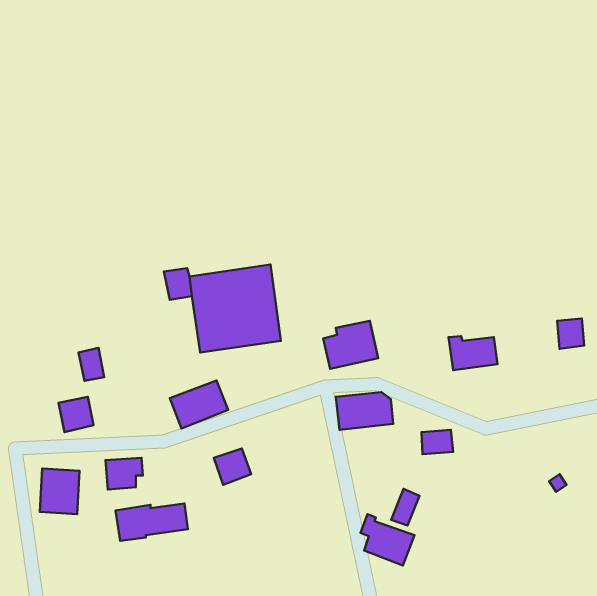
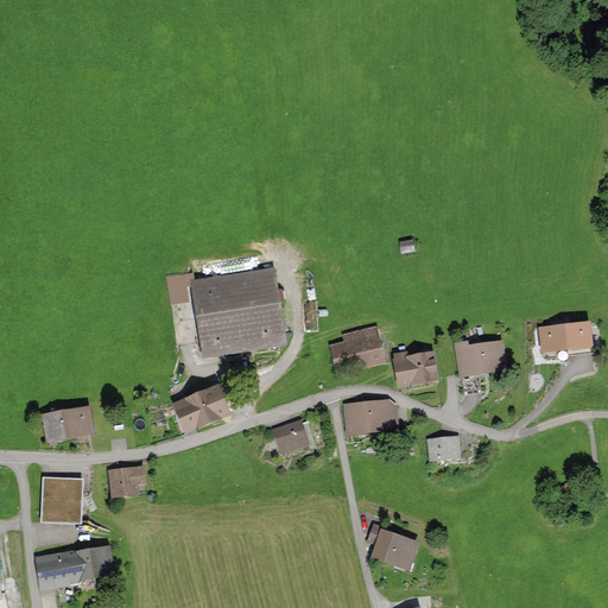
building: none -> [538,325,568,356]
building: none -> [394,352,437,387]
building: [79,348,104,381] -> [39,408,65,442]
building: [214,448,251,485] -> [272,419,310,456]
building: [391,489,419,526] -> none
building: [115,504,188,541] -> [37,551,110,589]

